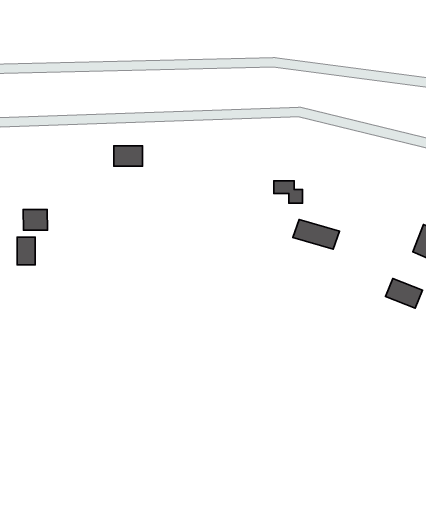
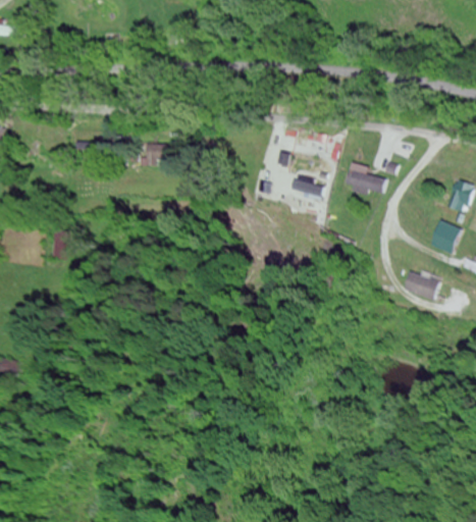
building: [23,210,47,230] -> none
building: [293,219,340,249] -> [343,168,388,197]

